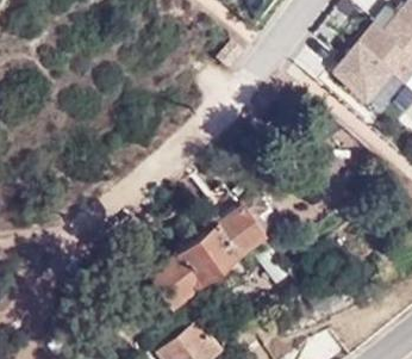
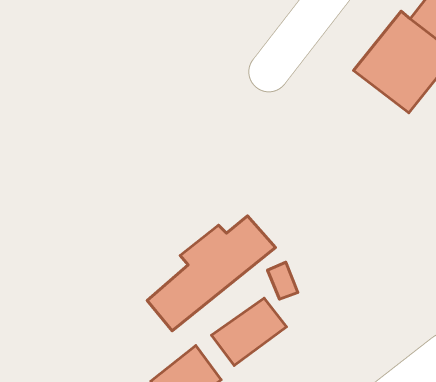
building: none -> [211,298,286,365]

